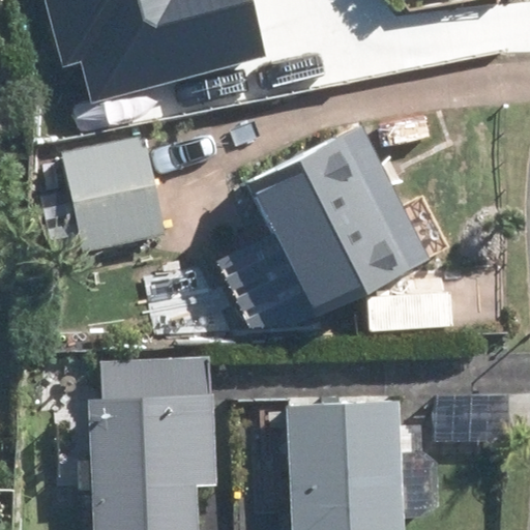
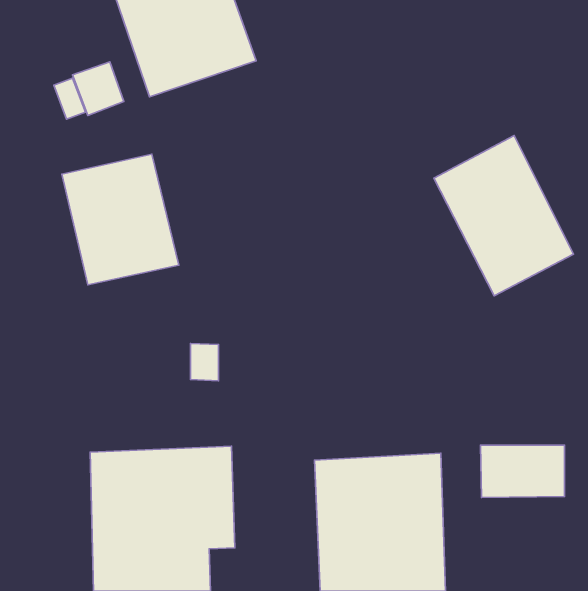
building: none -> [434,135,574,296]
building: [246,140,405,322] -> none

